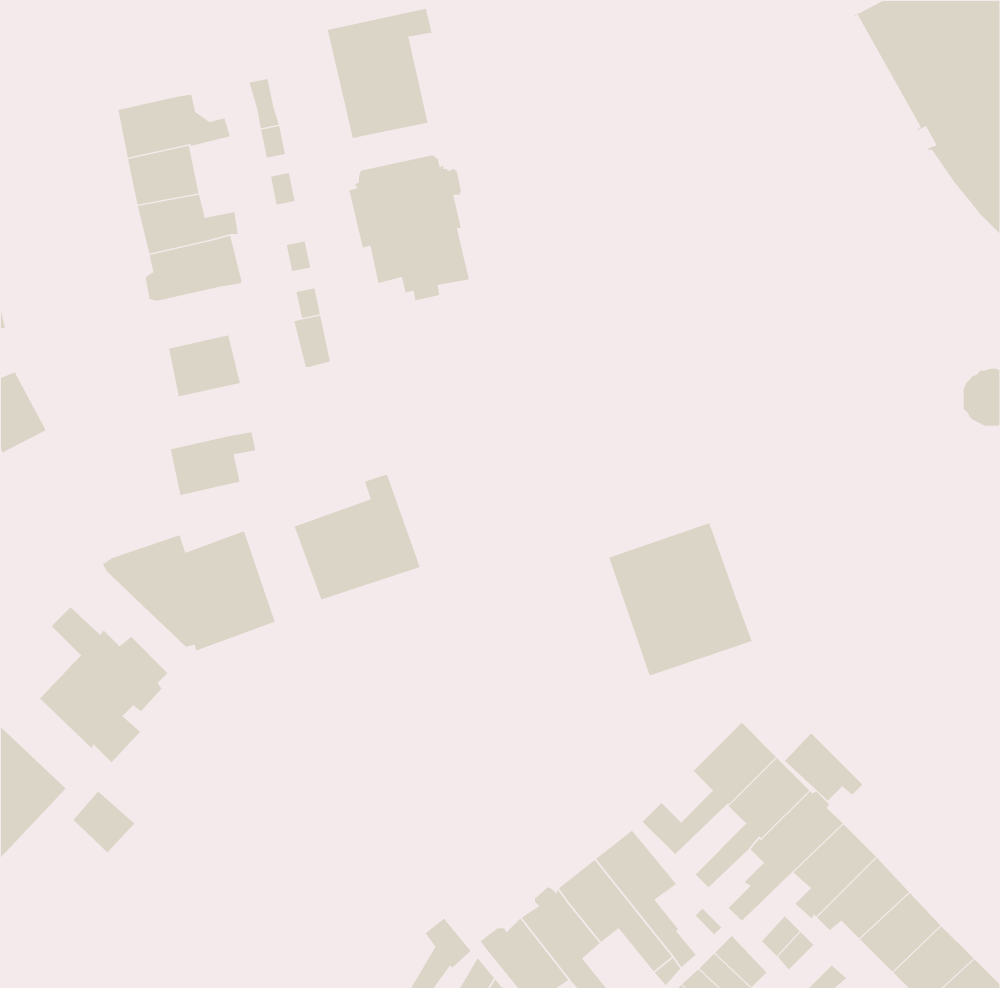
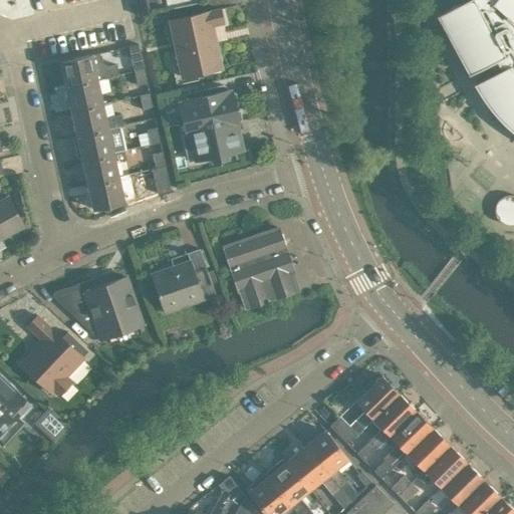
building: [170,431,256,496] -> [81,152,125,185]
building: [608,522,753,677] -> [224,229,298,308]
building: [784,732,863,801] -> none

